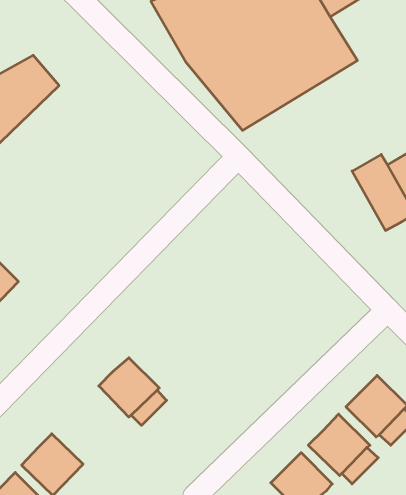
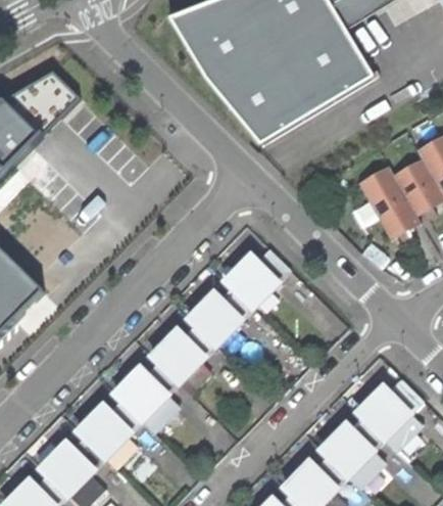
building: none -> [224,251,283,311]
building: none -> [187,288,246,348]
building: none -> [148,325,209,385]
building: none -> [76,402,135,461]

